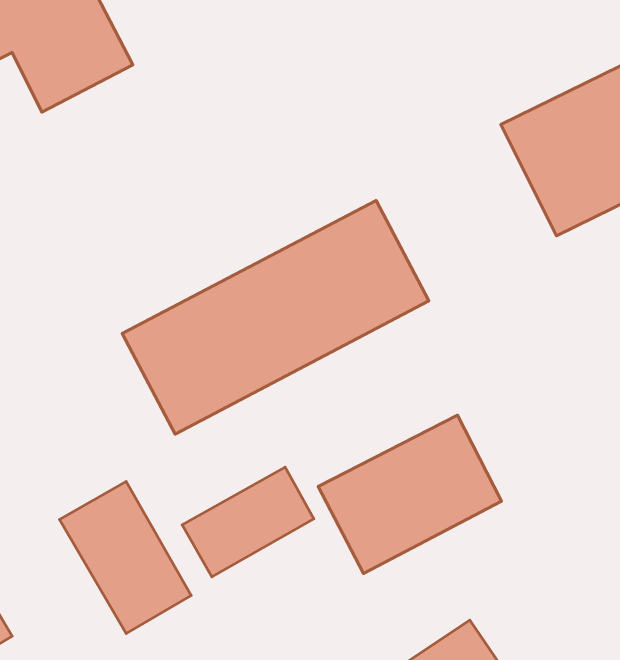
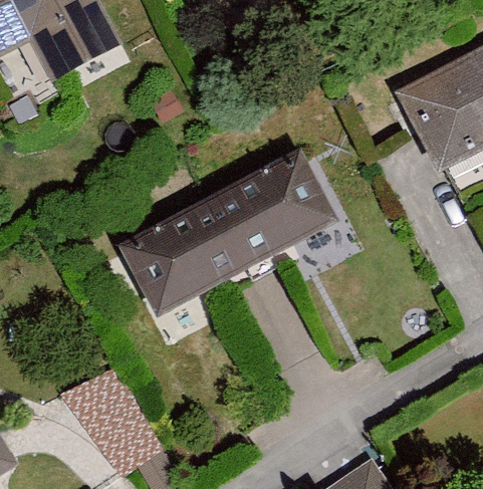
building: [318,415,502,573] -> none
building: [182,467,314,577] -> none

